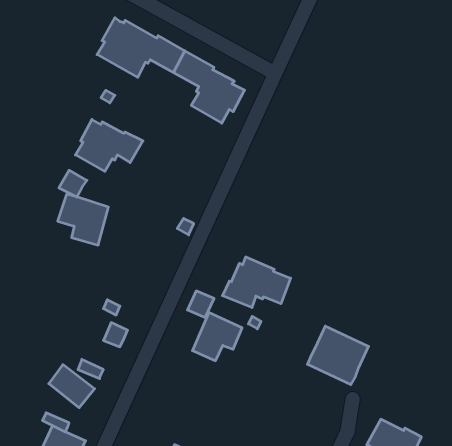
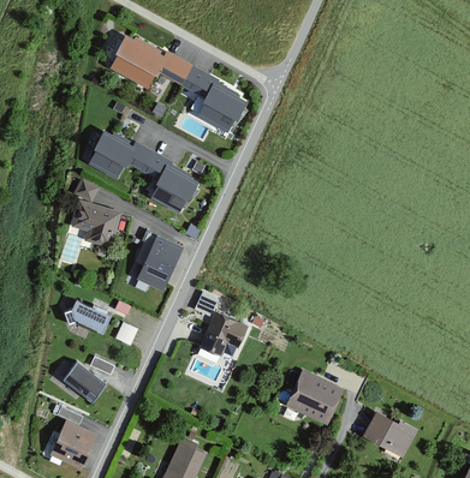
building: none -> [139,150,198,214]
building: none -> [136,237,184,292]
building: [222,257,291,308] -> none
building: none -> [64,300,111,335]
building: [307,326,369,385] -> [285,370,343,425]

